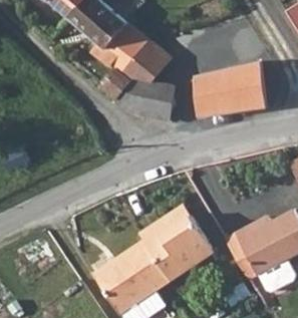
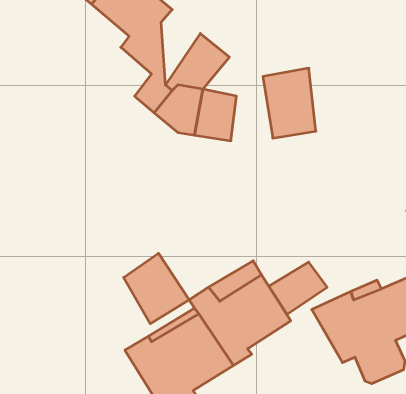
building: [117,23,145,77] -> none
building: [224,60,262,110] -> none
building: none -> [124,253,189,324]
building: none -> [269,262,327,315]

